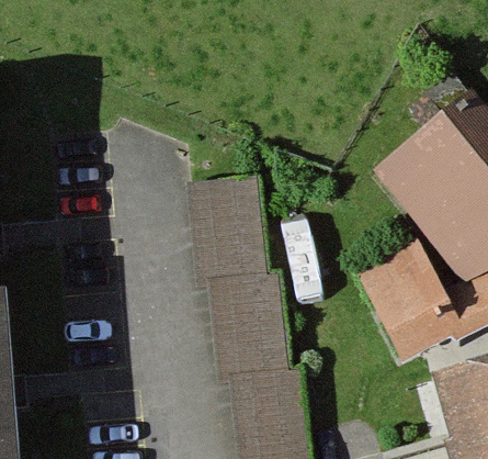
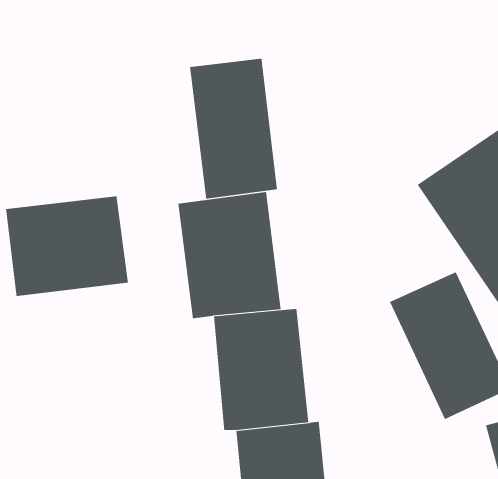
building: none -> [189,58,277,200]
building: none -> [5,195,129,297]

